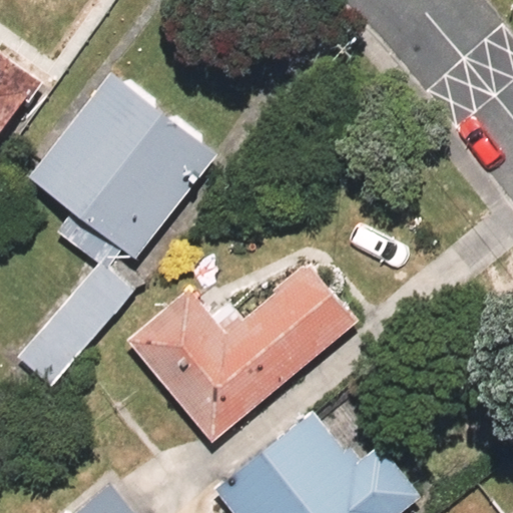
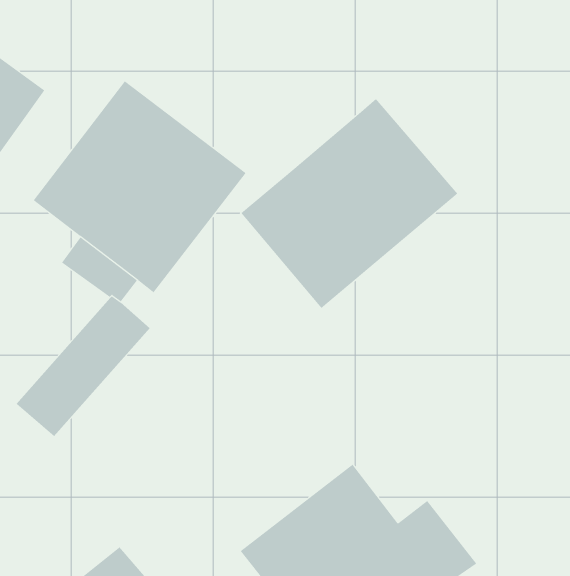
building: none -> [241,98,458,309]
building: [127,262,355,442] -> none

